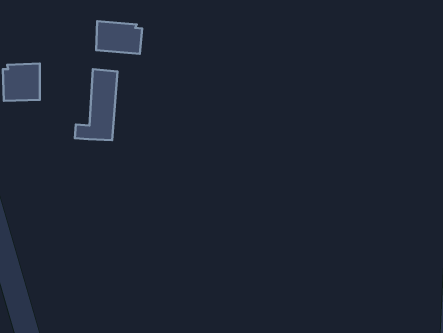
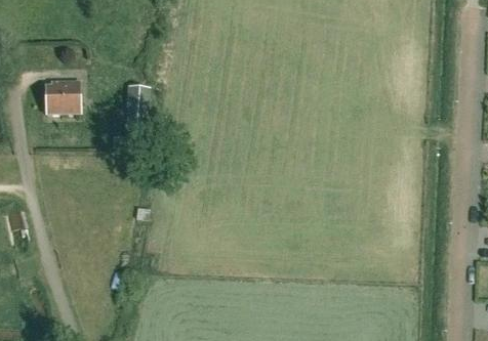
building: [96,21,142,54] -> none

